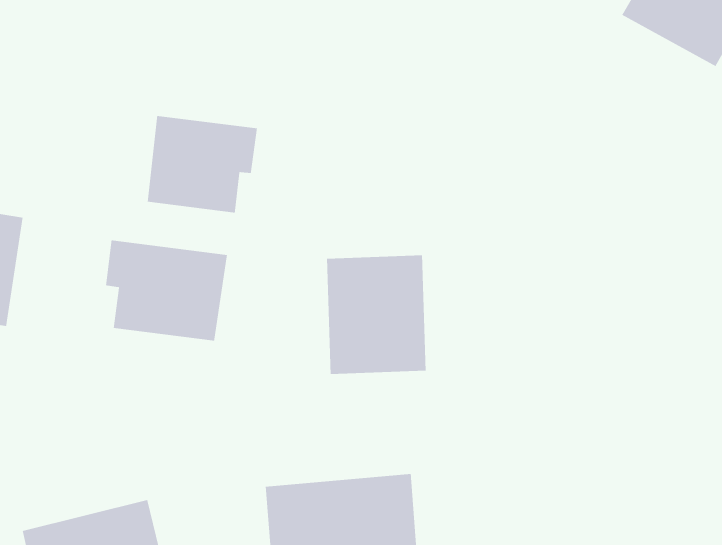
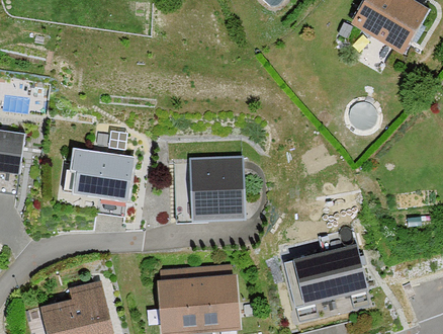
building: [147,115,258,213] -> none
building: none -> [285,244,367,308]

